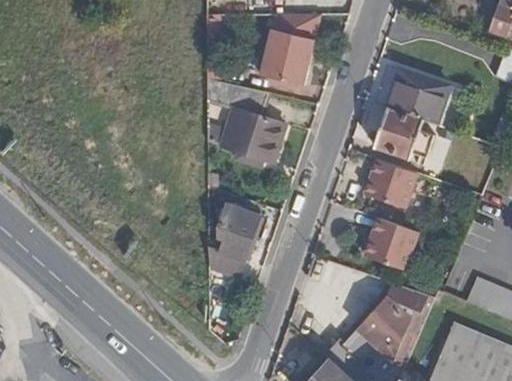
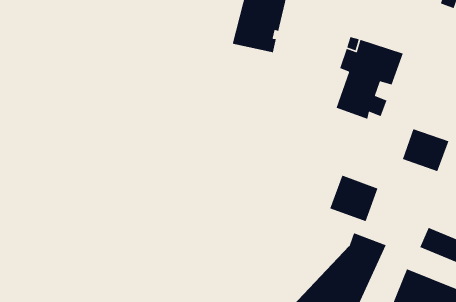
building: [208,78,284,163] -> none
building: [366,158,419,207] -> [402,128,450,172]
building: [209,203,261,276] -> none

